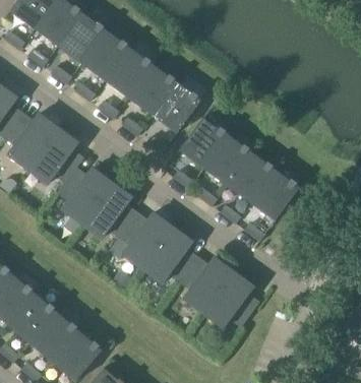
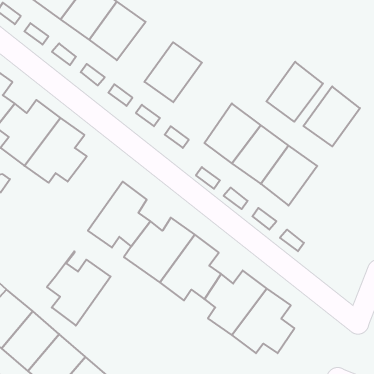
building: [106,48,154,99] -> none
building: [154,82,201,133] -> [266,62,323,122]
building: [57,162,111,225] -> [47,251,111,326]
building: [251,170,299,220] -> [303,86,360,146]

